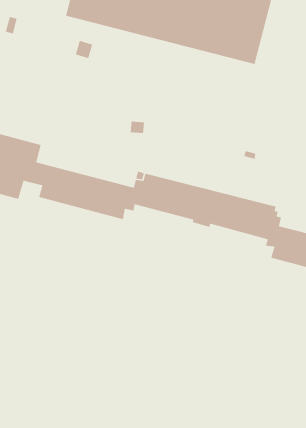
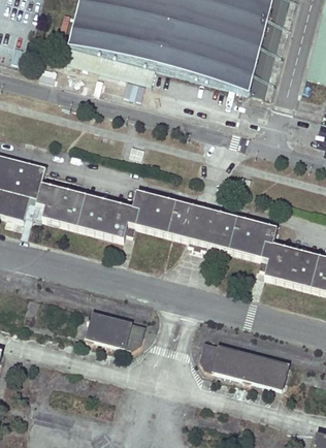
building: none -> [83,309,146,350]
building: none -> [200,339,292,389]

